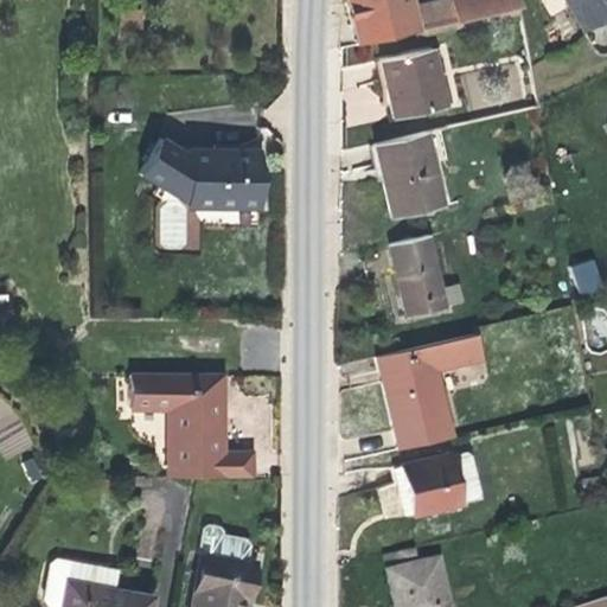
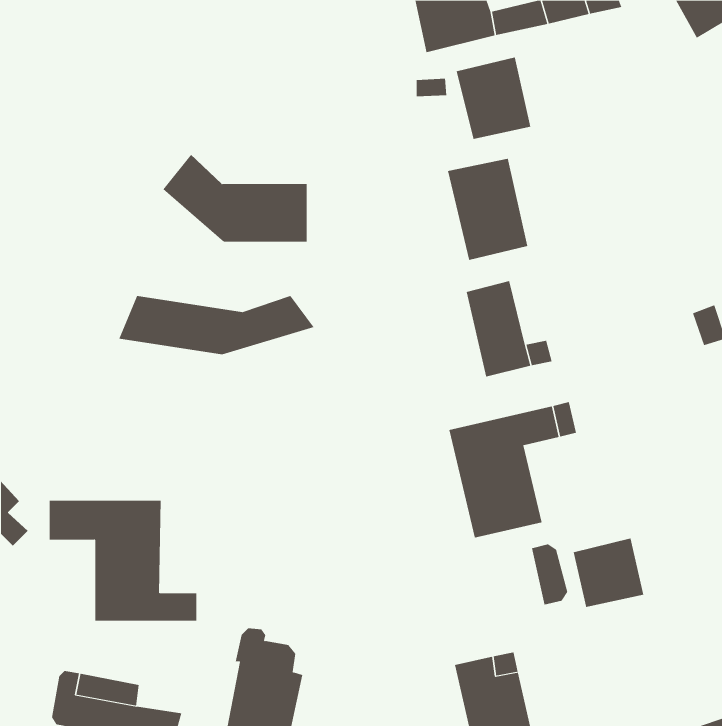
building: none -> [118,295,314,355]
building: [134,376,257,477] -> [49,500,197,621]
building: [398,458,458,516] -> [573,538,644,608]

